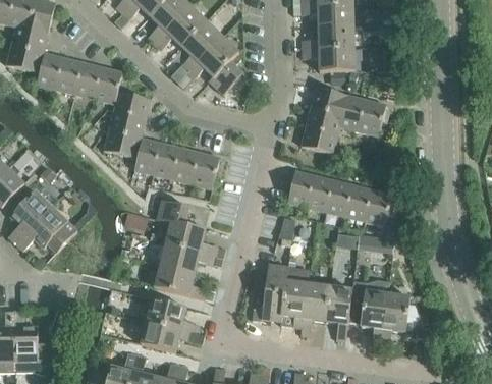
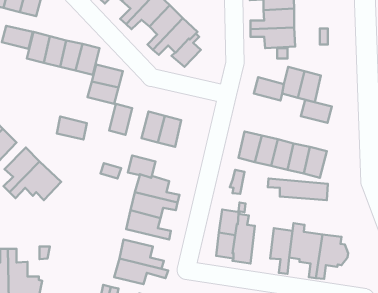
building: [11,25,47,52] -> none
building: [311,87,346,114] -> none
building: [300,125,337,153] -> [301,100,332,123]
building: [104,129,140,157] -> [57,116,87,140]
building: [153,143,180,178] -> none
building: [300,282,329,335] -> none

